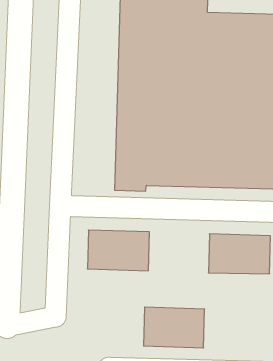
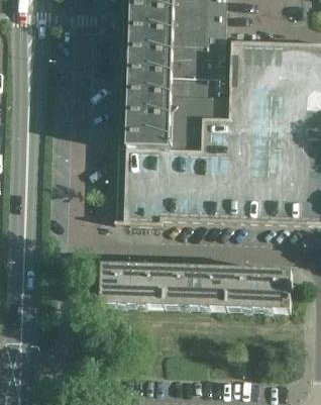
building: [144,307,205,348] -> [163,268,226,310]

